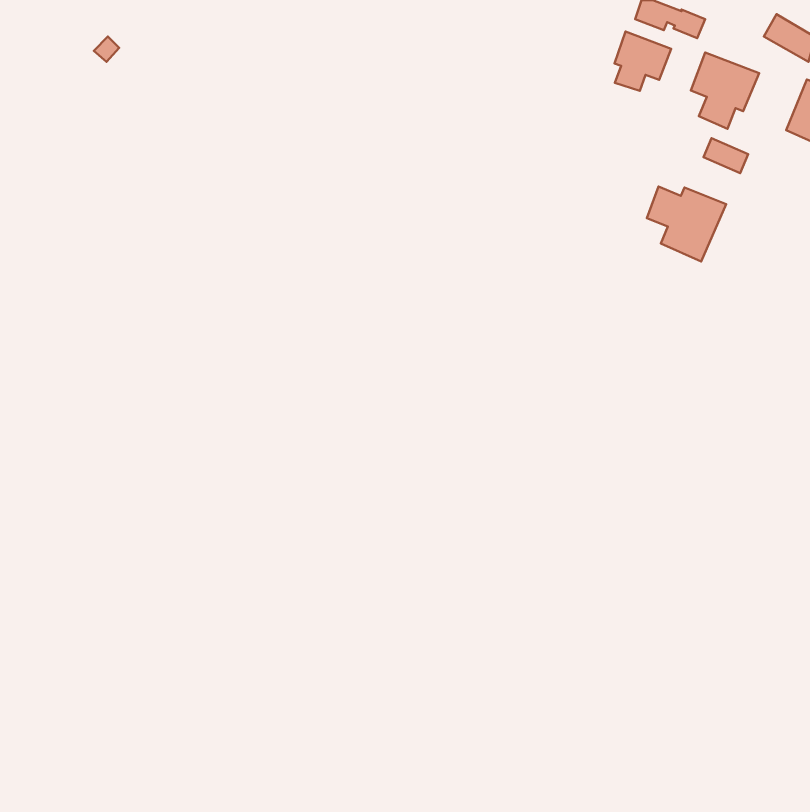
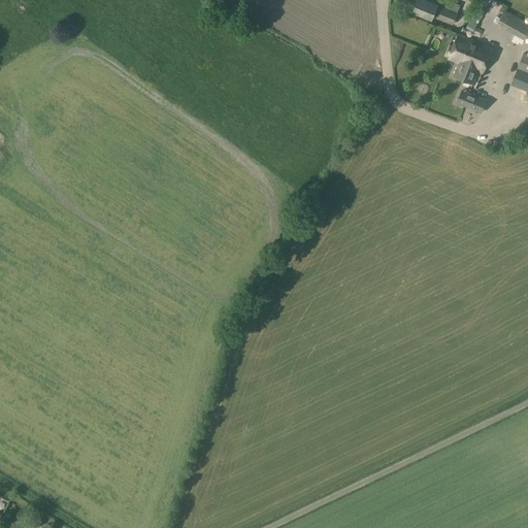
building: [614,31,671,91] -> none
building: [647,186,726,262] -> none

